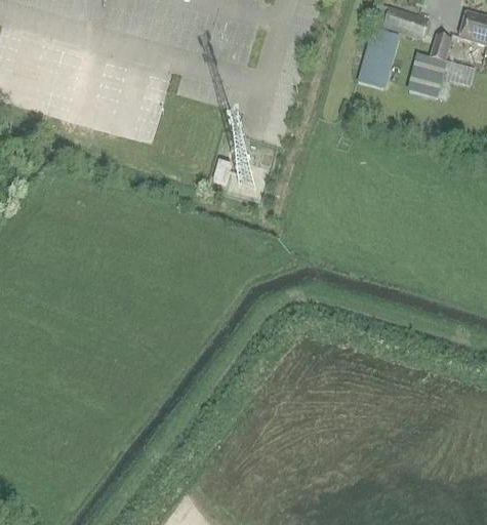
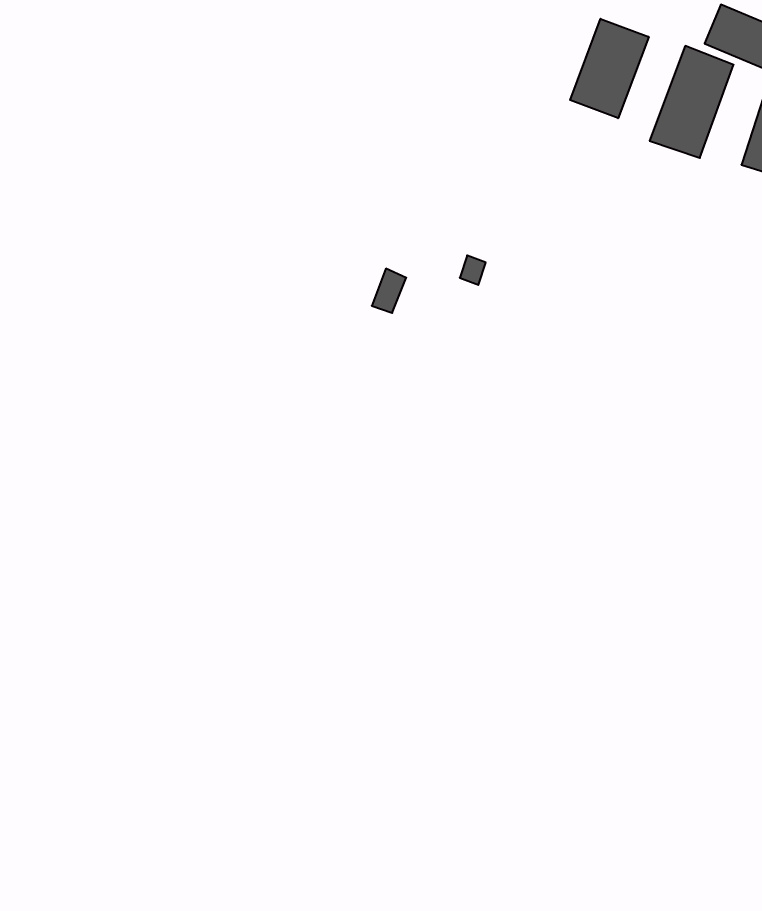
building: none -> [570,19,649,118]

